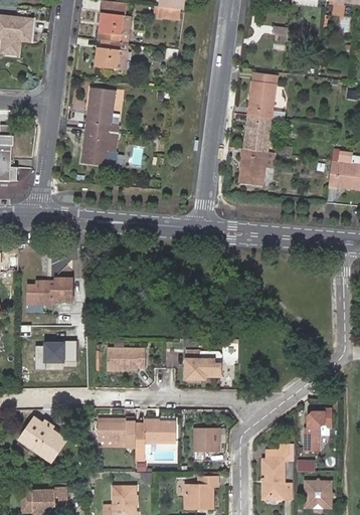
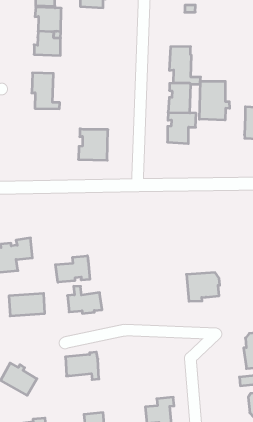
building: none -> [199,81,230,120]
building: [80,128,118,167] -> [78,129,108,160]
building: none -> [55,256,90,282]
building: [184,352,221,384] -> [186,273,220,301]
building: [134,421,175,456] -> none
building: [194,428,217,459] -> none
building: [261,445,293,499] -> none

